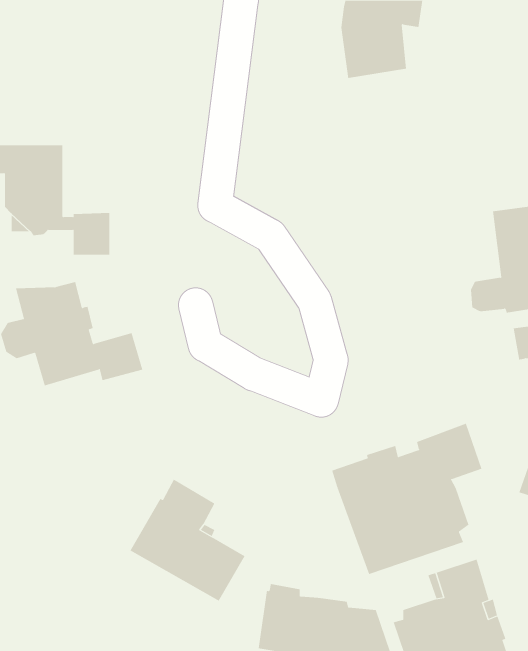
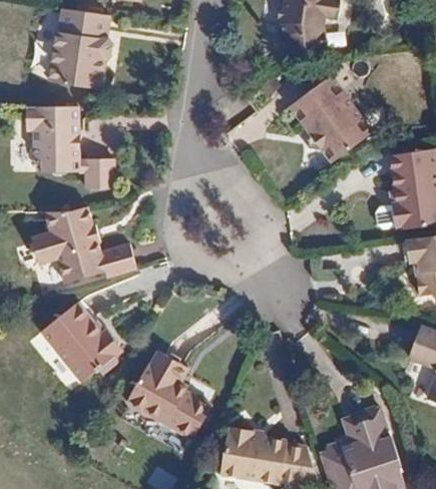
building: none -> [50,7,112,87]
building: none -> [289,75,372,163]
building: none -> [41,302,121,382]
building: [332,423,482,575] -> none

